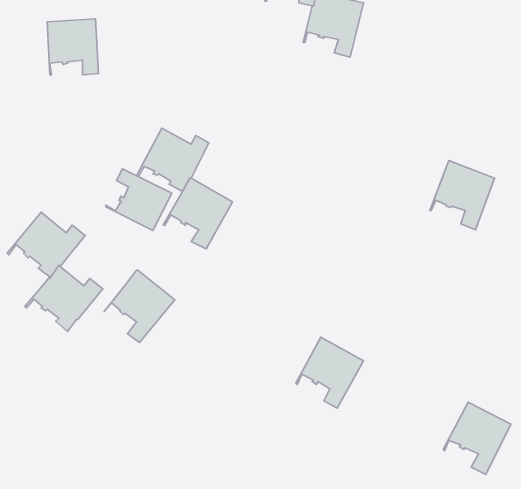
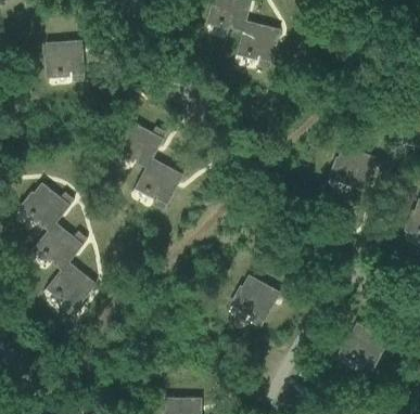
building: [106,169,172,231] -> none
building: [104,270,175,343] -> [42,263,94,316]

